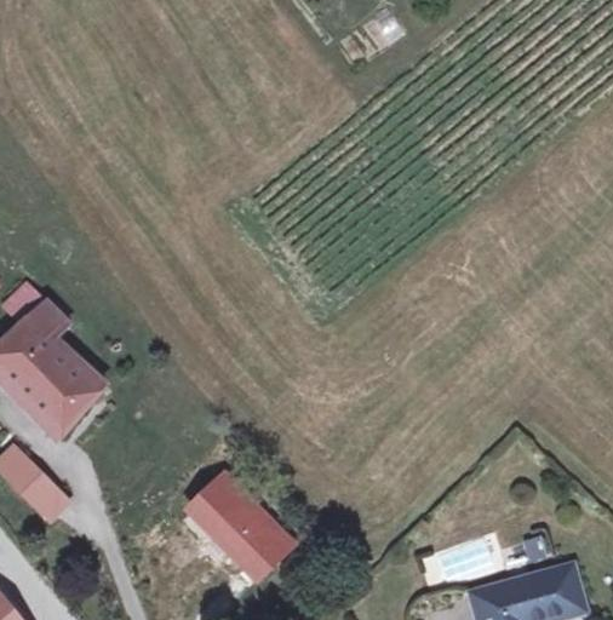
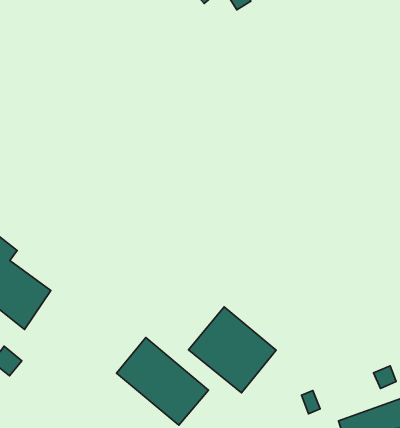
building: none -> [189,307,276,393]

